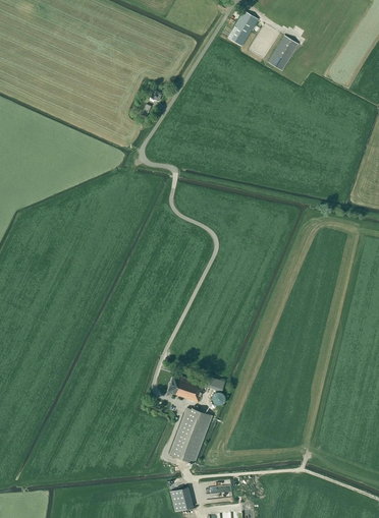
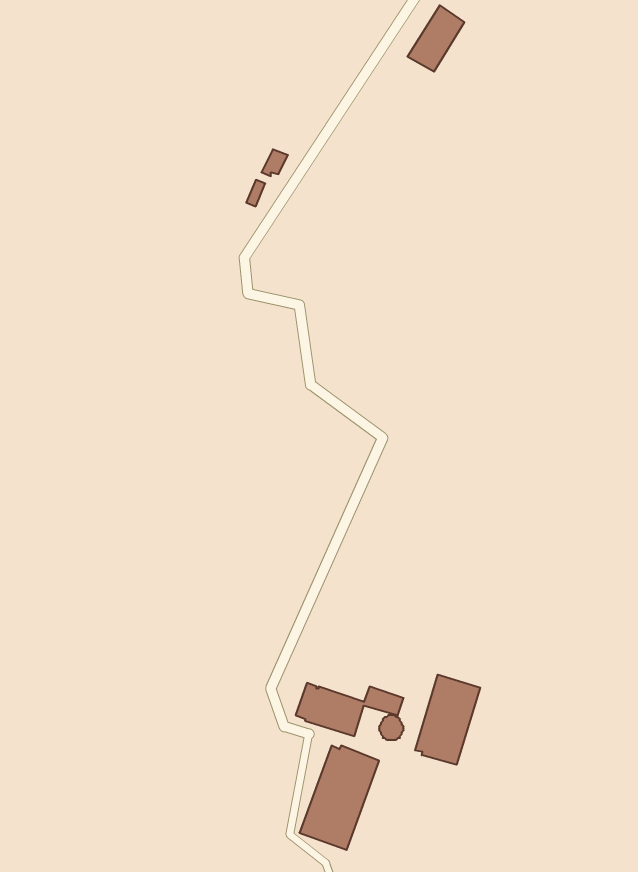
building: [267,35,299,71] -> none
building: none -> [415,675,480,765]

